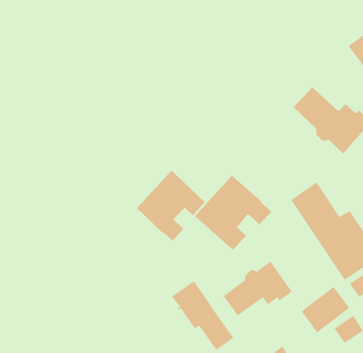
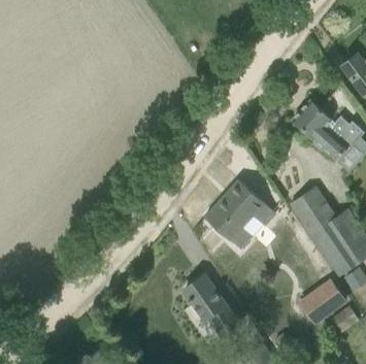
building: [136,170,206,242] -> none
building: [223,261,292,316] -> none

